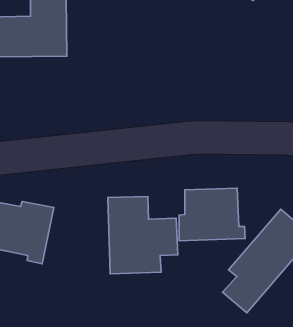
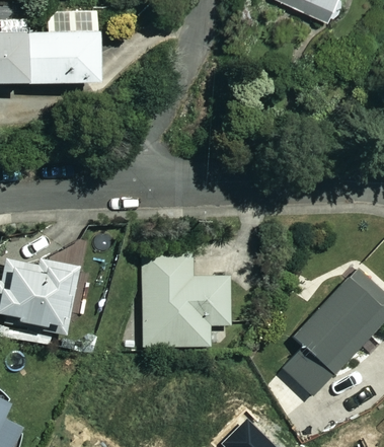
building: [179,188,245,241] -> none

